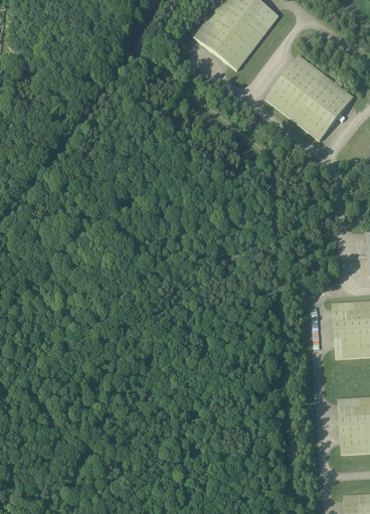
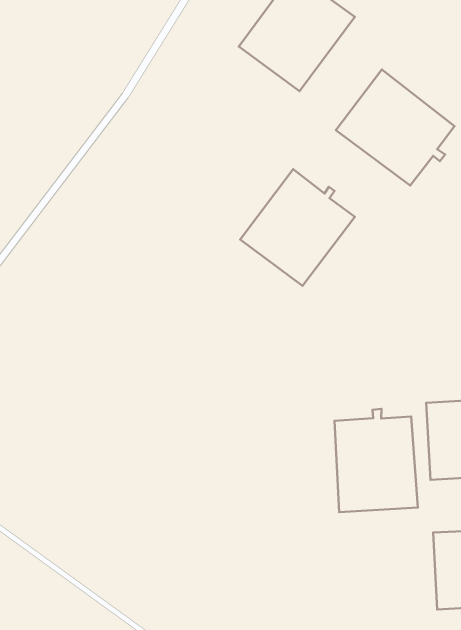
building: none -> [240,169,355,286]
building: none -> [335,409,418,512]

